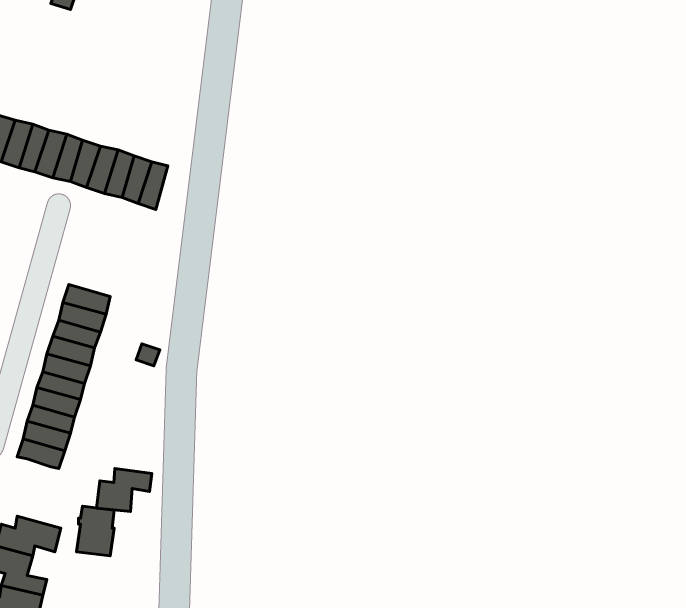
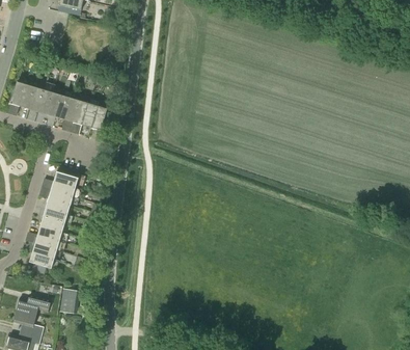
building: [97,469,152,511] -> none

